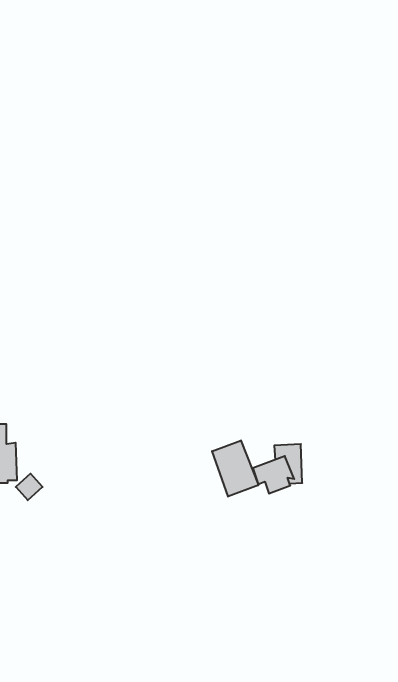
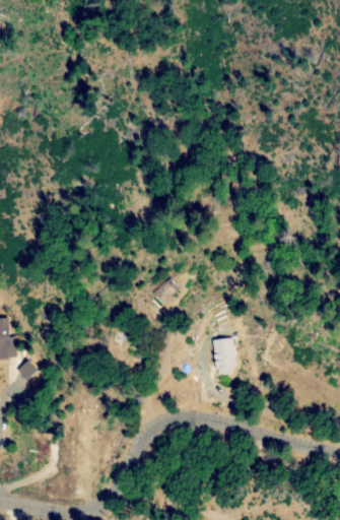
building: [212,440,258,497] -> none

